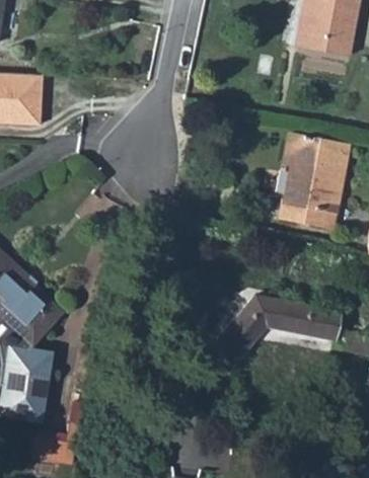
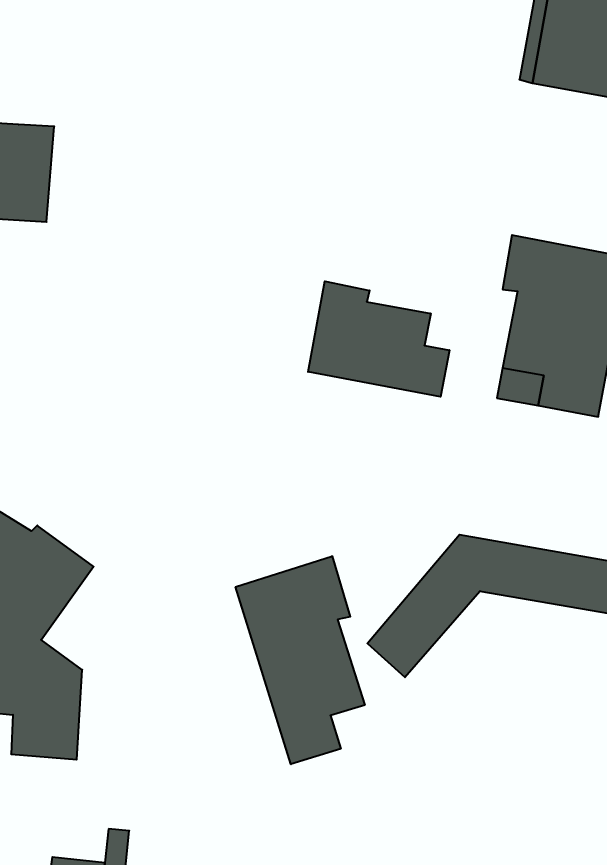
building: none -> [308,281,449,397]
building: none -> [236,556,365,764]

